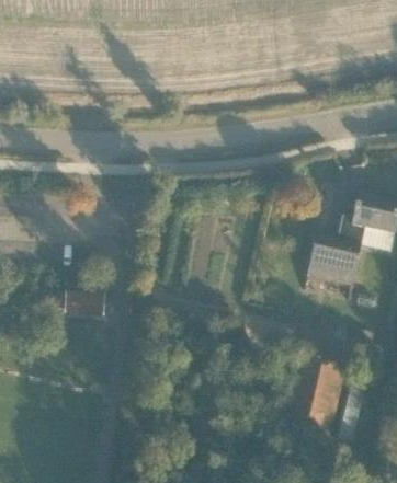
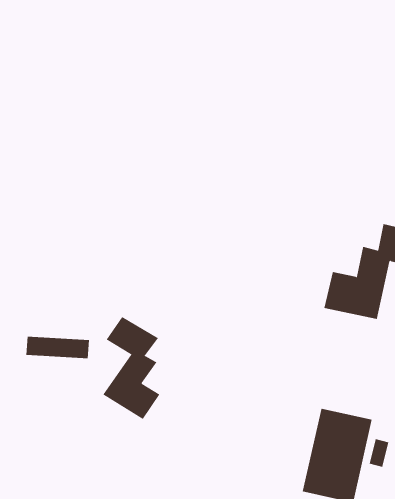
building: none -> [102,316,160,420]

